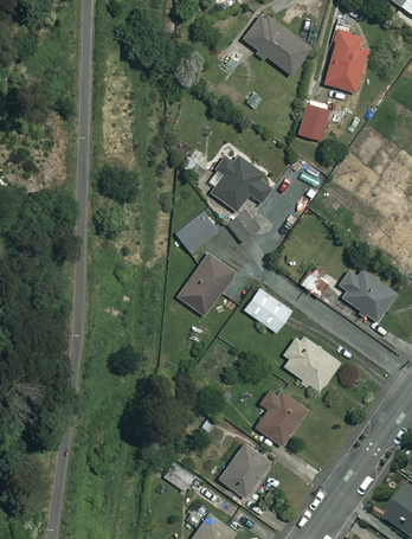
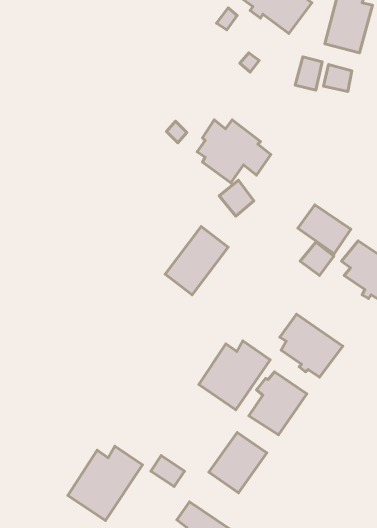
building: [175,212,217,252] -> none
building: [243,288,291,333] -> [298,205,351,254]
building: none -> [199,341,270,410]
building: none -> [68,446,143,521]

